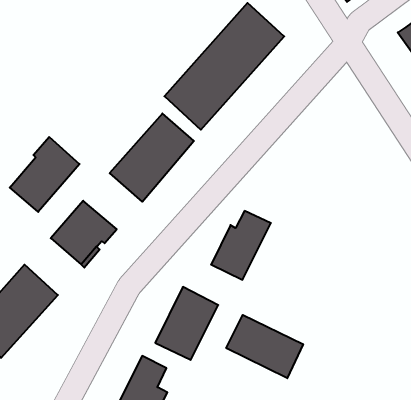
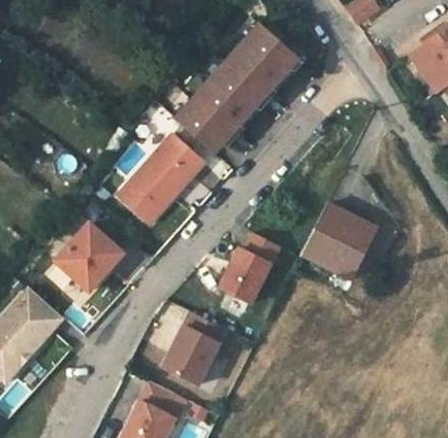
building: [10,137,80,212] -> none
building: none -> [300,201,380,281]
building: [226,315,303,378] -> none

